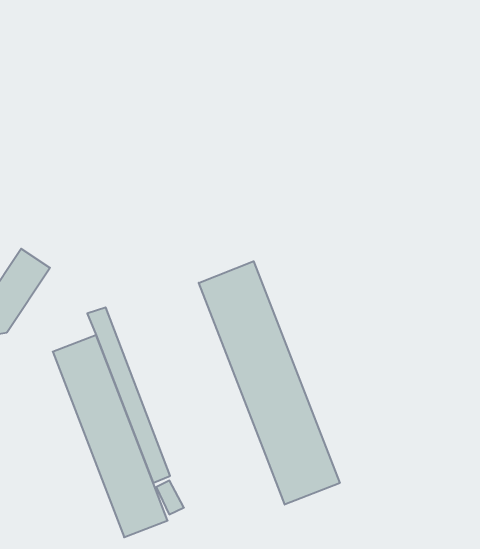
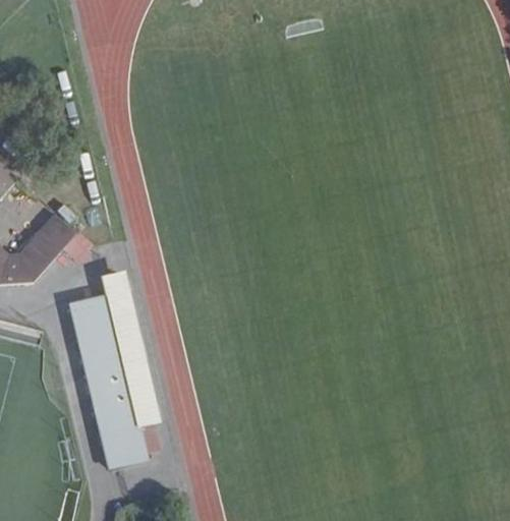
building: [199,261,340,505] -> none

